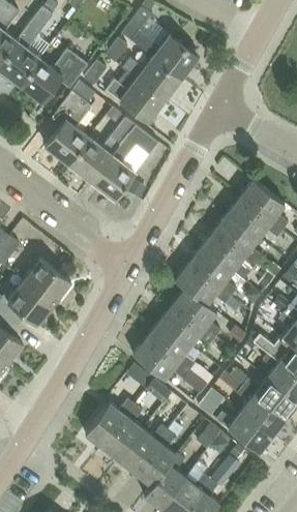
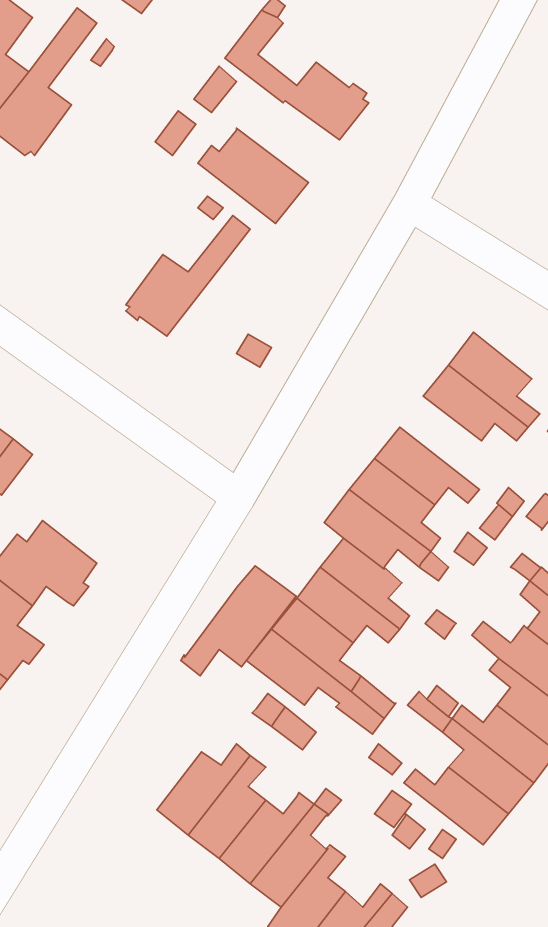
building: [20,48,87,102] -> none
building: [123,56,182,99] -> none
building: [44,81,95,164] -> none
building: [90,124,157,200] -> none
building: [214,213,262,263] -> none
building: [24,259,72,302] -> none
building: none -> [181,566,296,676]

